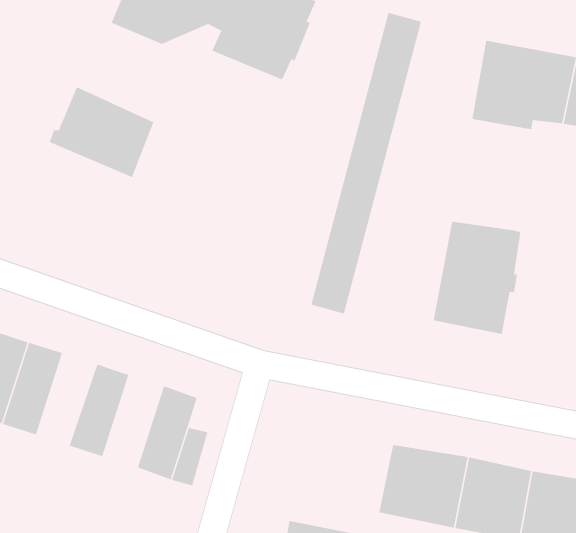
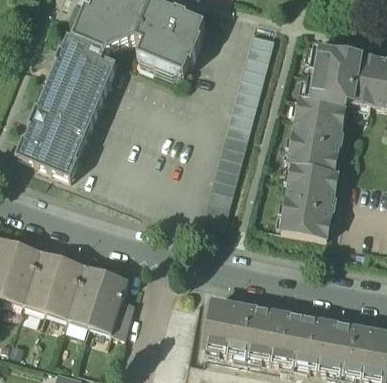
building: none -> [51,36,117,102]
building: none -> [288,100,346,172]
building: none -> [16,115,87,180]
building: none -> [25,251,64,311]
building: none -> [68,265,107,325]
building: none -> [205,301,255,354]

